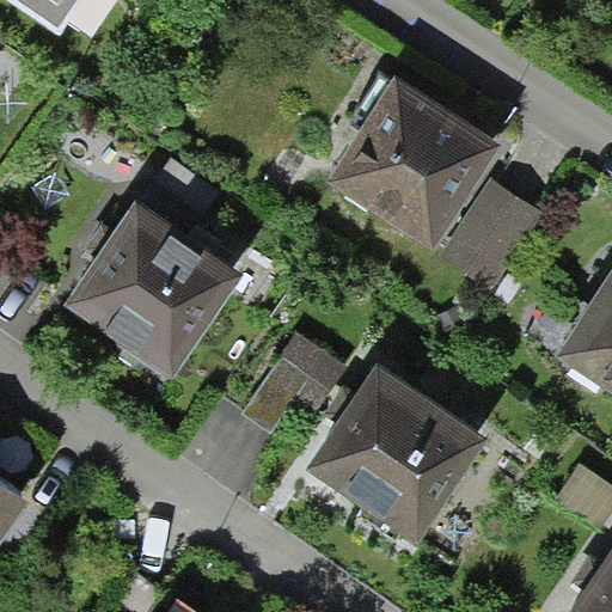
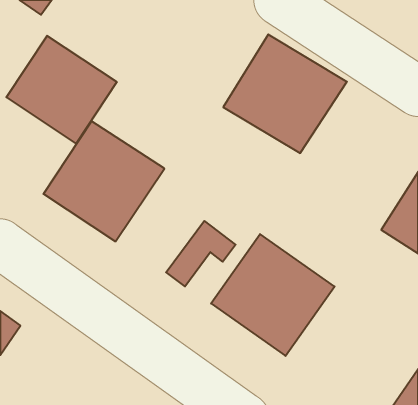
building: none -> [6,36,117,143]
building: [448,189,550,298] -> none

